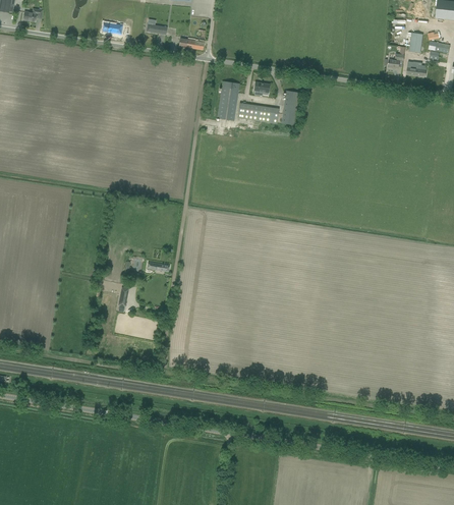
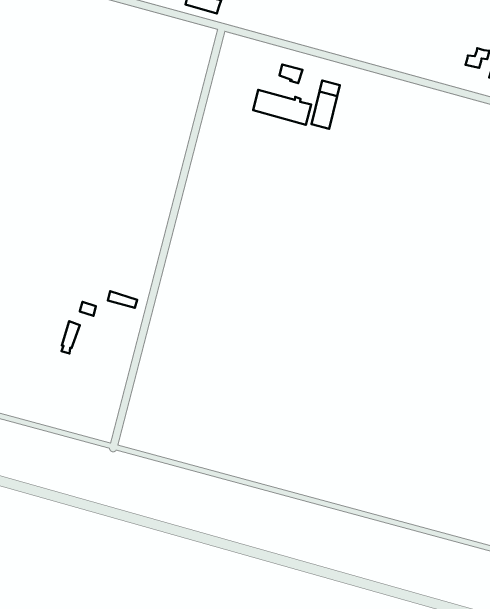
building: [217,80,239,120] -> none

